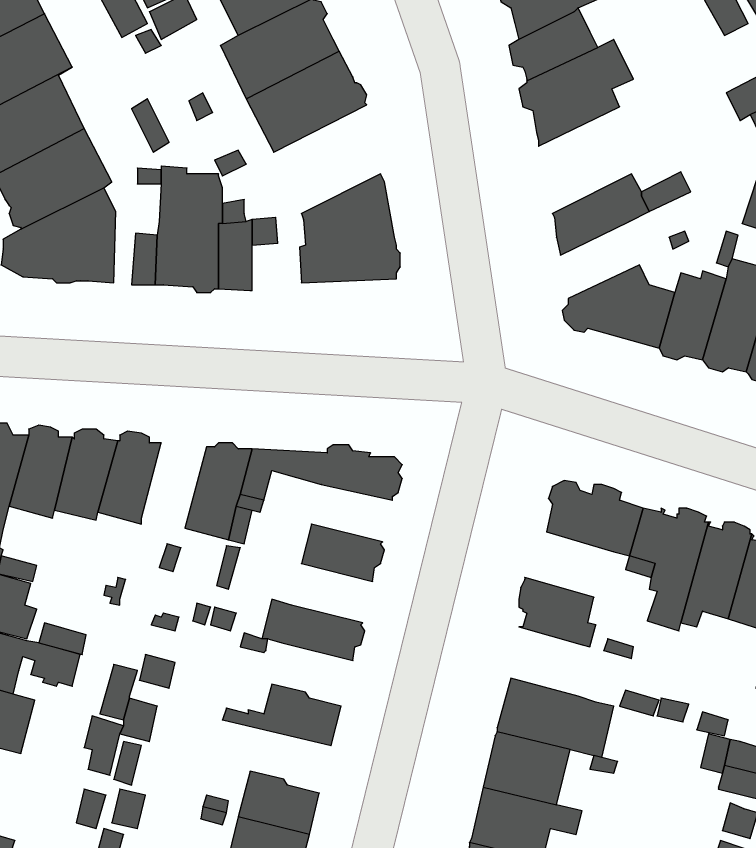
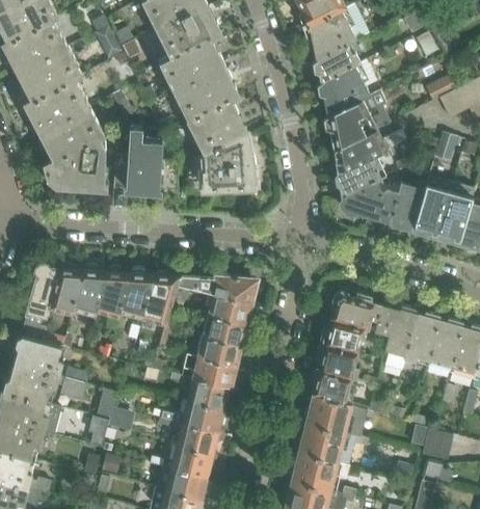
building: none -> [323,91,391,153]
building: none -> [188,96,244,153]
building: none -> [336,157,385,197]
building: none -> [118,269,153,318]
building: none -> [208,295,251,325]
building: none -> [320,320,367,354]
building: none -> [197,337,241,368]
building: none -> [311,370,350,406]
building: none -> [187,378,230,411]
building: none -> [160,419,218,457]

